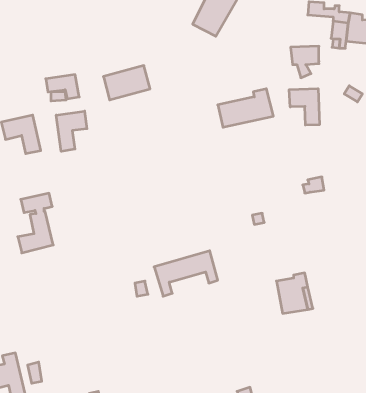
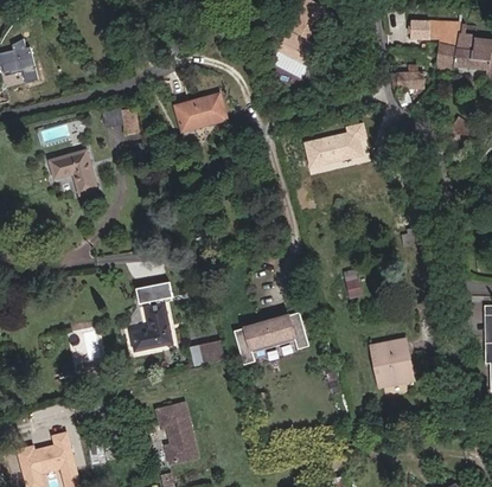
building: [289,89,319,125] -> none
building: [56,111,87,151] -> none
building: [18,193,53,253] -> [130,283,172,353]
building: none -> [149,404,192,466]

